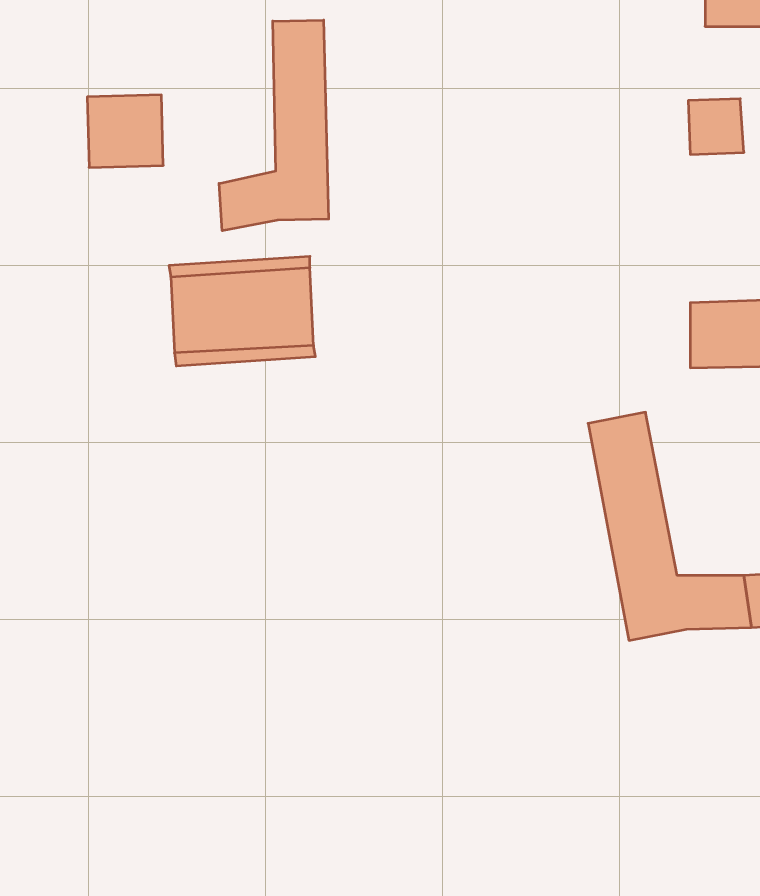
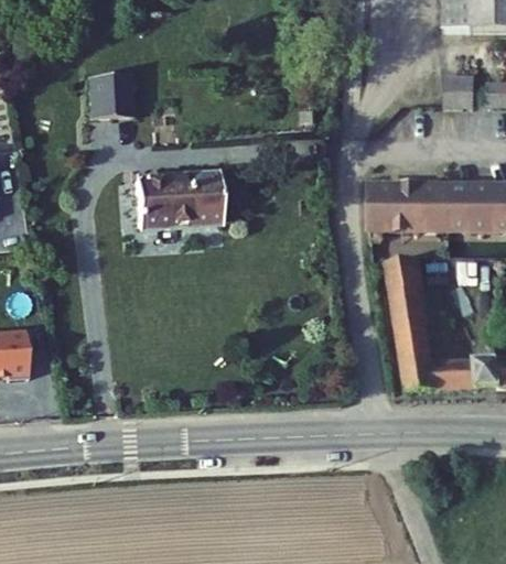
building: [219,20,329,231] -> none
building: none -> [369,193,445,231]

